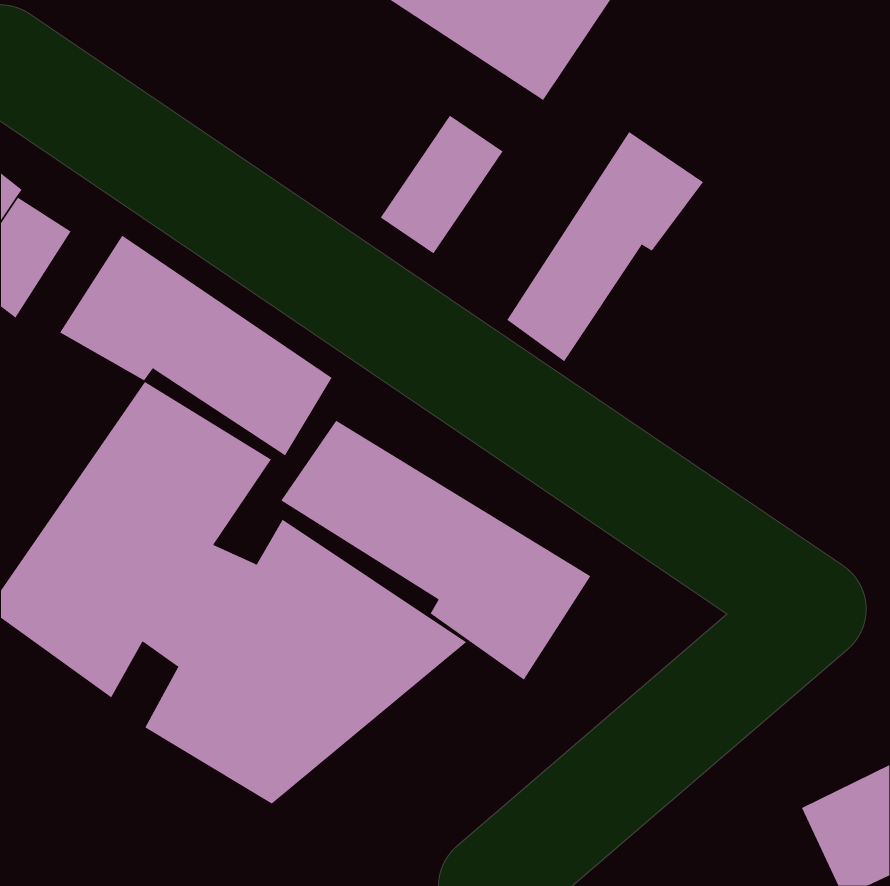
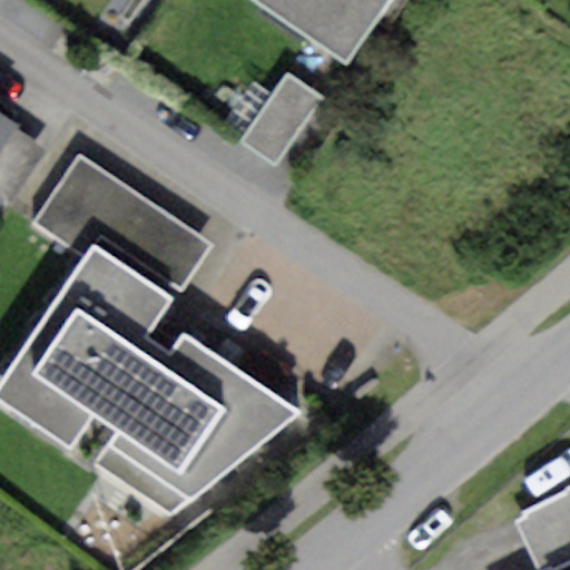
building: [507,131,704,362] -> none
building: [280,420,591,681] -> none

